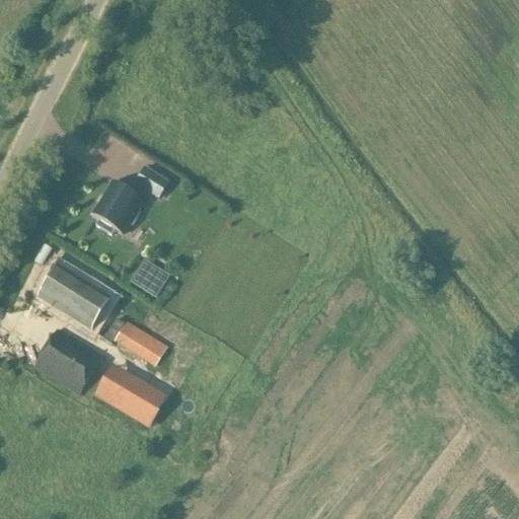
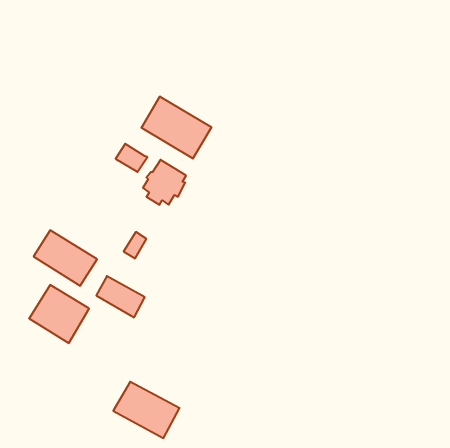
building: none -> [141,96,211,159]
building: [92,181,142,233] -> [143,160,186,205]
building: [88,361,164,426] -> [113,382,180,438]

